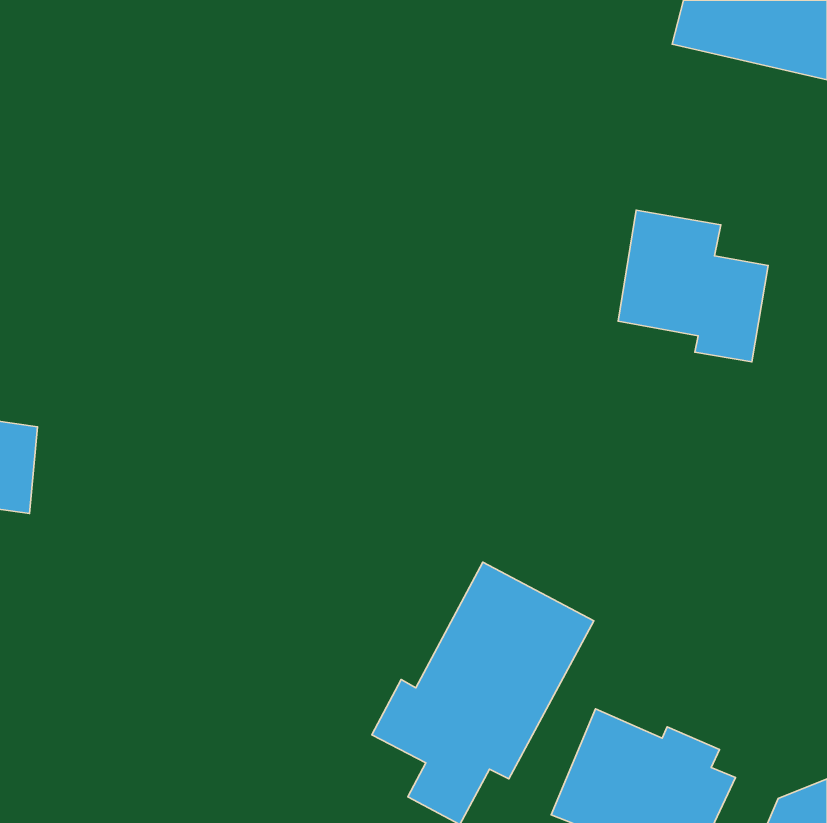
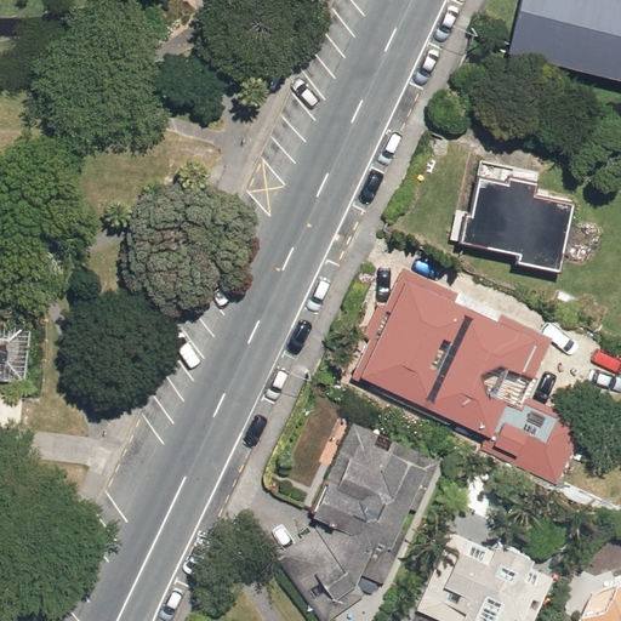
building: none -> [364,272,563,463]

